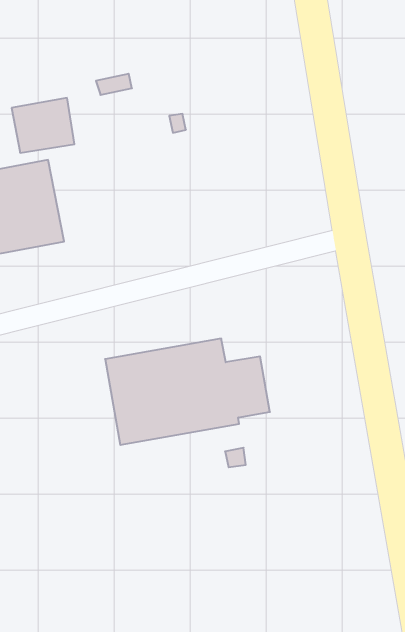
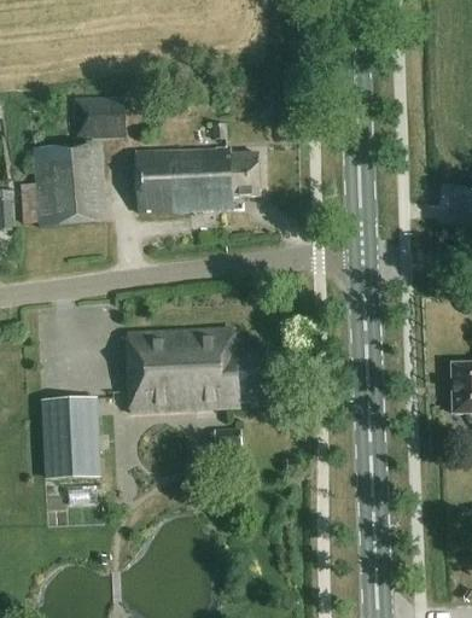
building: none -> [135,147,260,210]
building: none -> [46,397,94,479]

